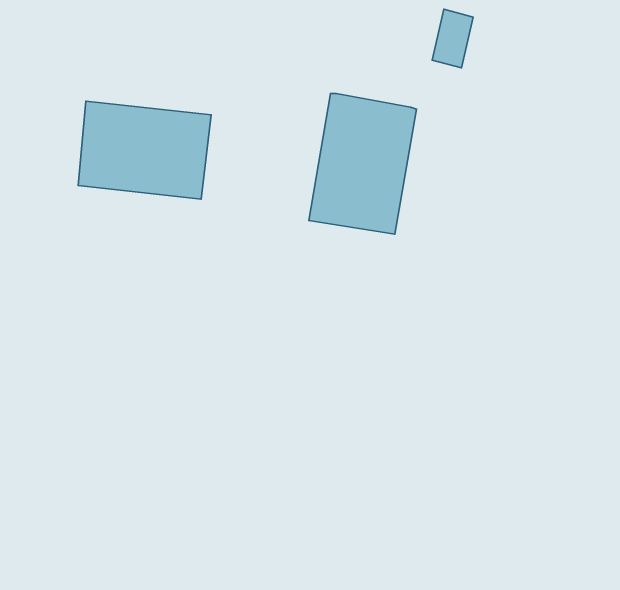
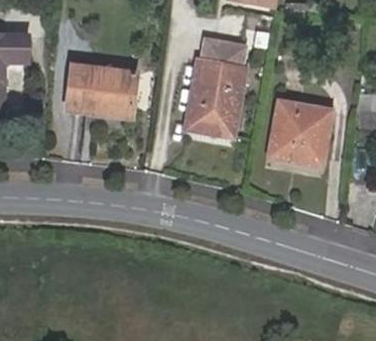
building: none -> [202,40,244,68]
building: none -> [270,101,331,164]

